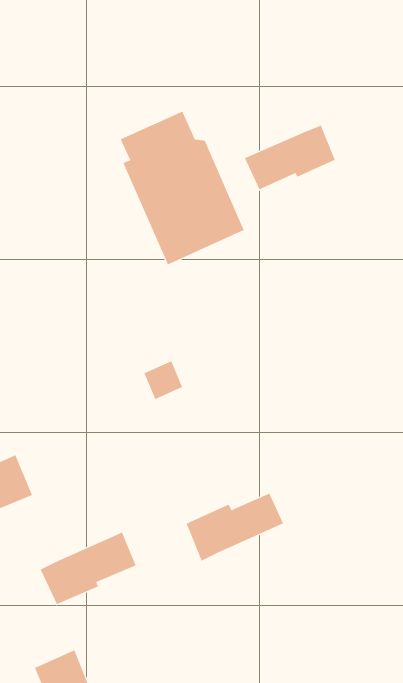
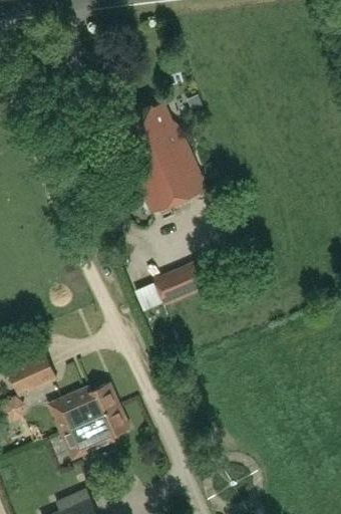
building: [244,125,336,190] -> none
building: none -> [158,263,210,300]
building: [186,493,284,561] -> [50,382,120,432]

